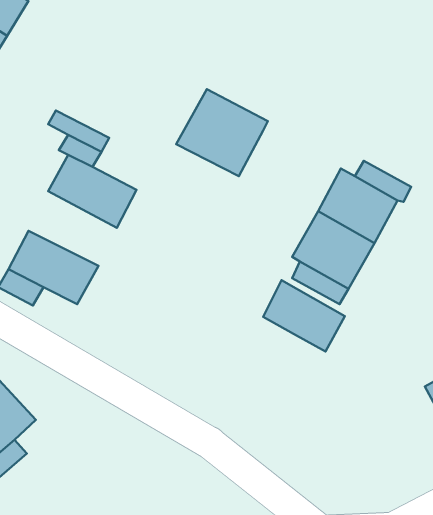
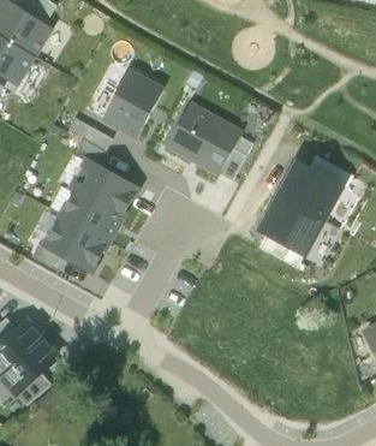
building: none -> [103,70,163,135]
building: none -> [216,131,253,177]
building: none -> [50,179,120,238]
building: [263,280,345,351] -> none

